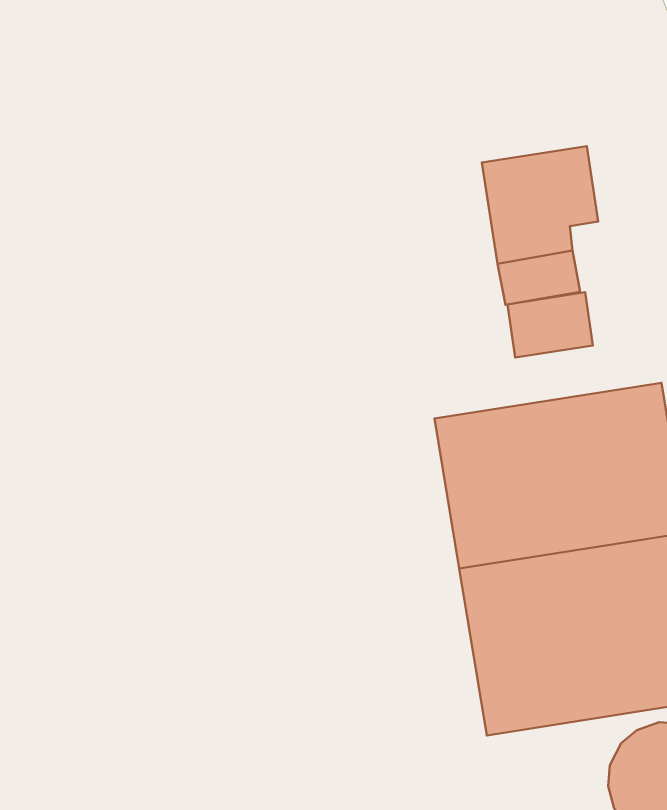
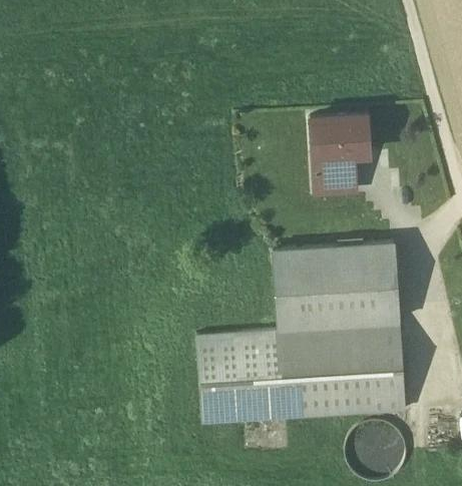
building: [507,292,593,358] -> none
building: none -> [197,330,284,424]

